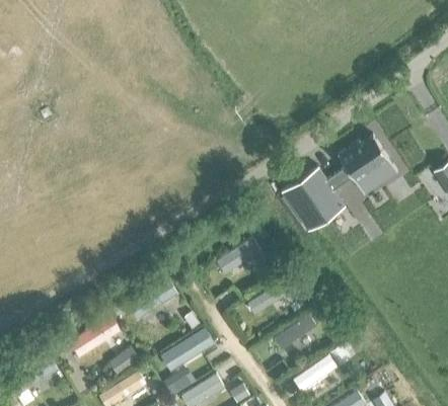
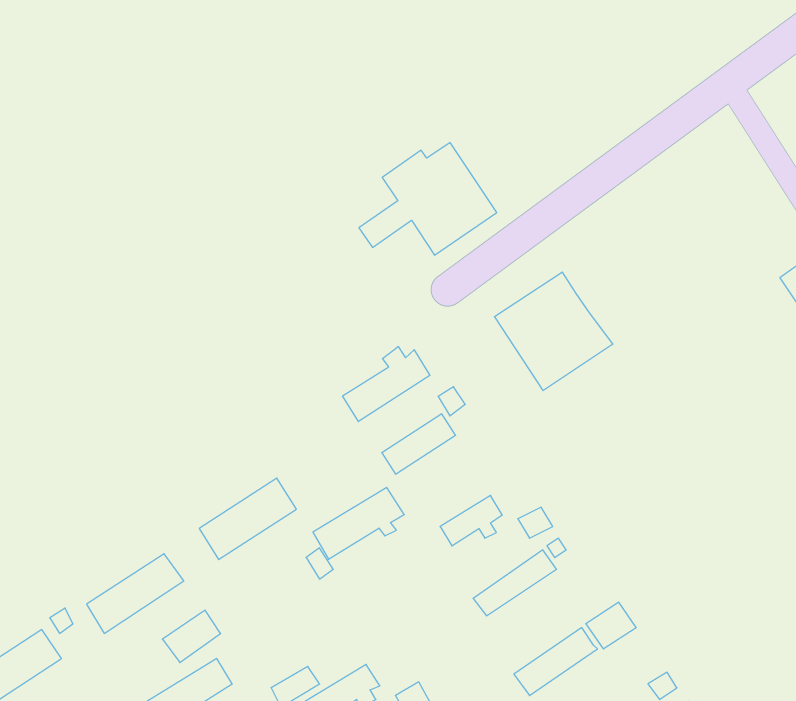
building: [325,136,397,194] -> [359,143,497,255]
building: none -> [343,346,430,422]
building: [158,331,206,369] -> [313,487,404,559]

